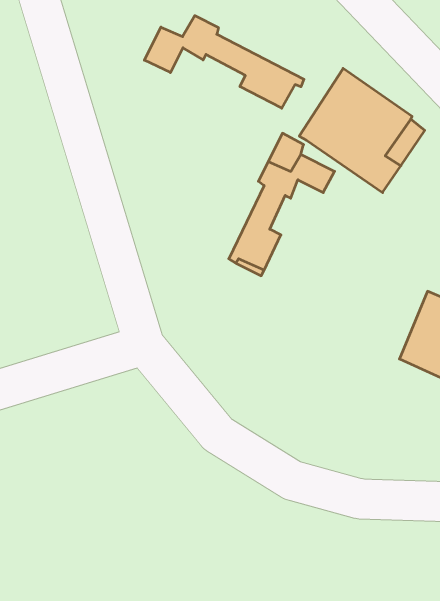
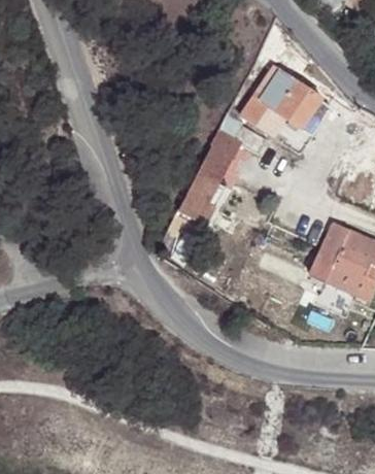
building: [144,16,304,108] -> none

